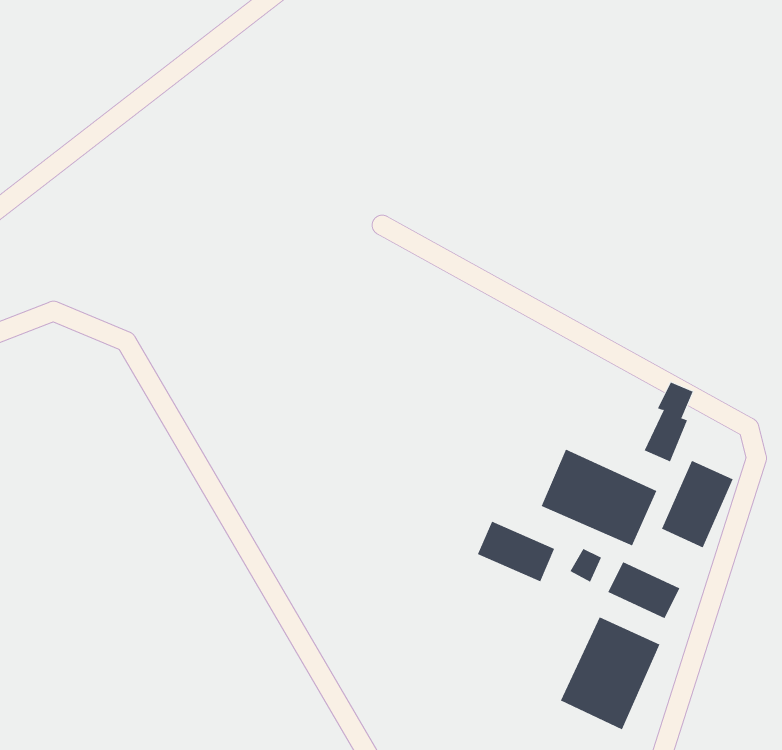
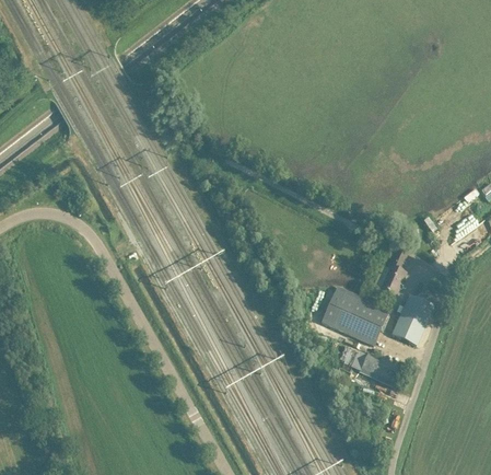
building: [477,521,555,582] -> none
building: [560,617,660,730] -> none

